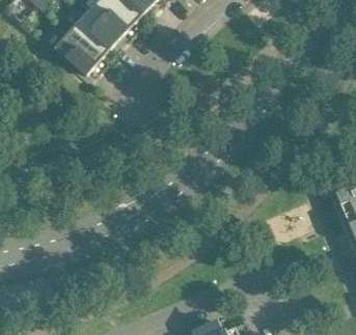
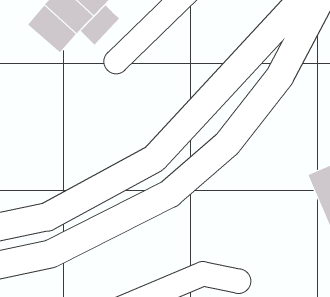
building: none -> [80,4,120,45]

